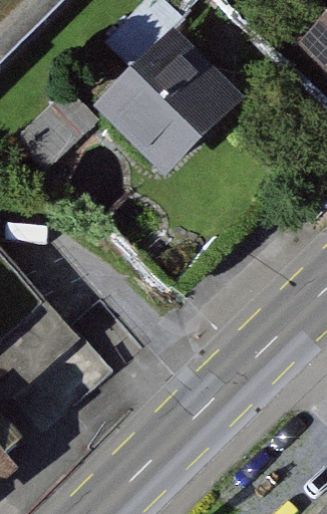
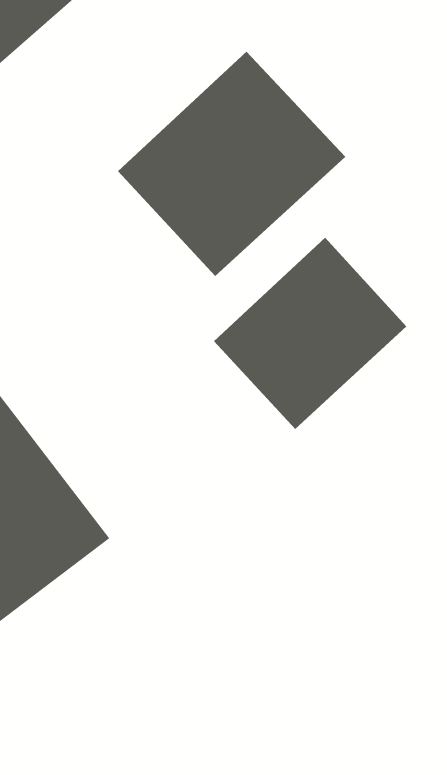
building: none -> [213,237,407,430]

